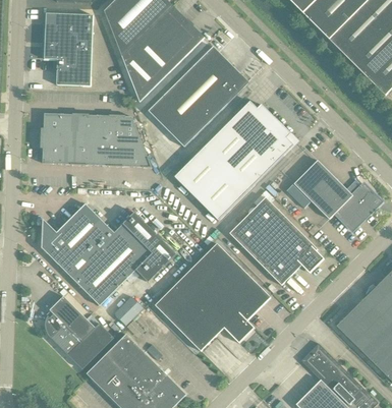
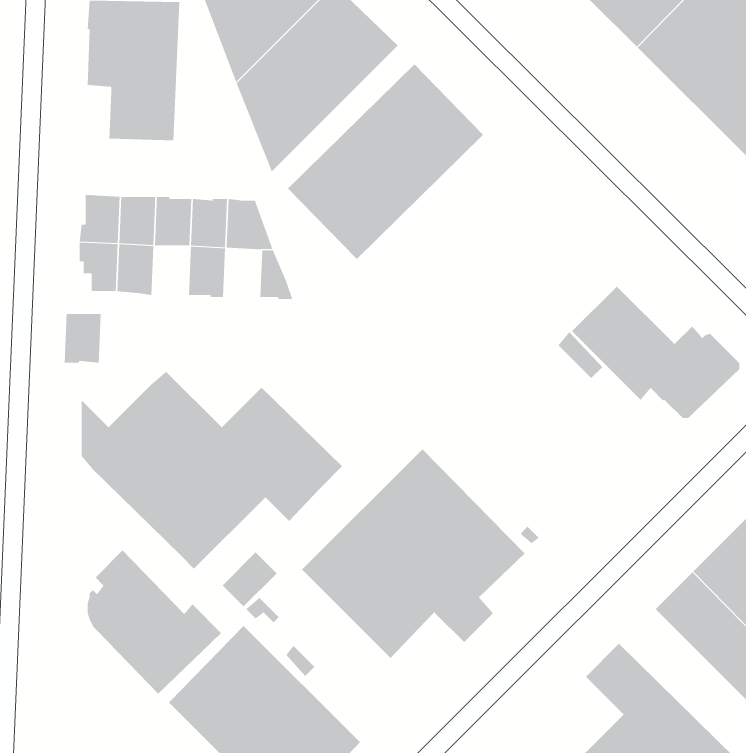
building: [174,101,294,220] -> none
building: [78,139,98,165] -> [64,314,102,363]
building: [115,140,134,166] -> none
building: [229,196,324,285] -> none

